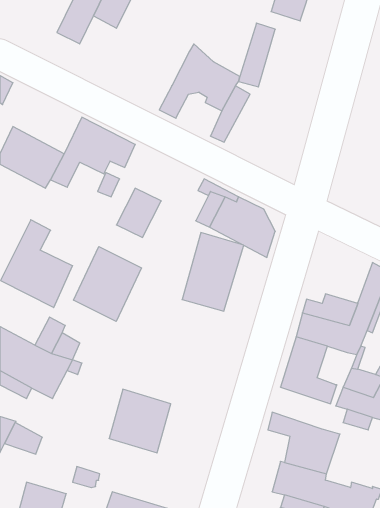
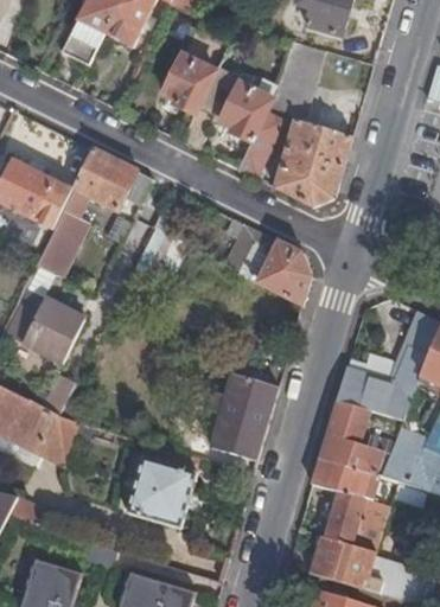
building: none -> [165,56,216,111]
building: none -> [275,121,353,206]
building: none -> [37,218,83,273]
building: [182,233,244,311] -> [210,371,280,460]
building: [74,247,142,321] -> none
building: none -> [310,453,372,500]

